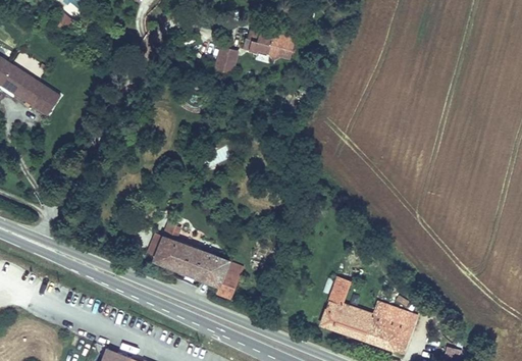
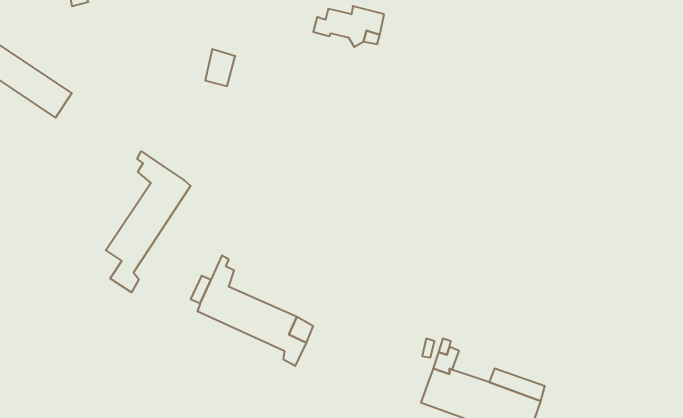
building: [213,47,236,74] -> [205,49,235,86]
building: none -> [106,151,191,292]

